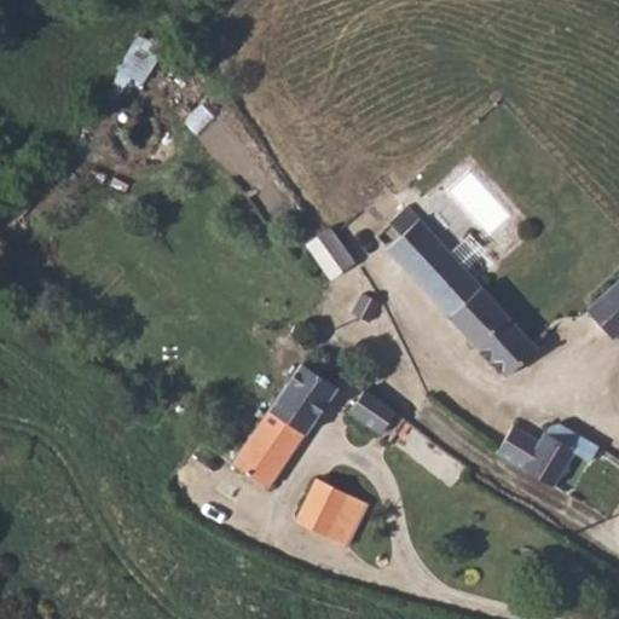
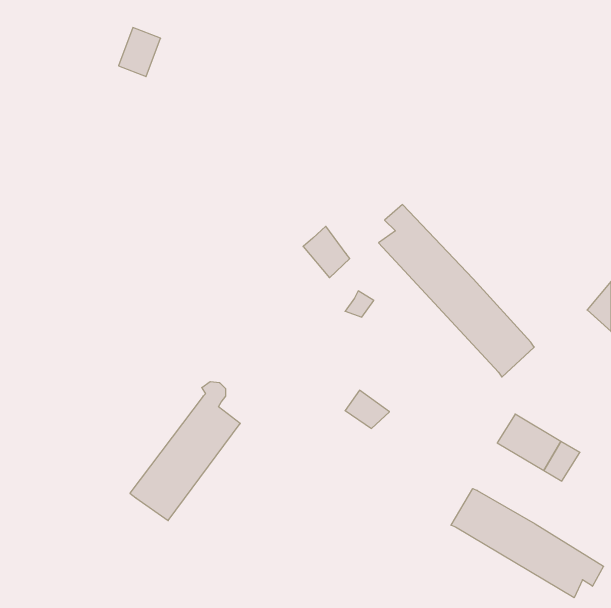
building: [227,349,339,490] -> [130,382,240,521]
building: [294,479,366,546] -> none
building: none -> [451,489,604,598]

